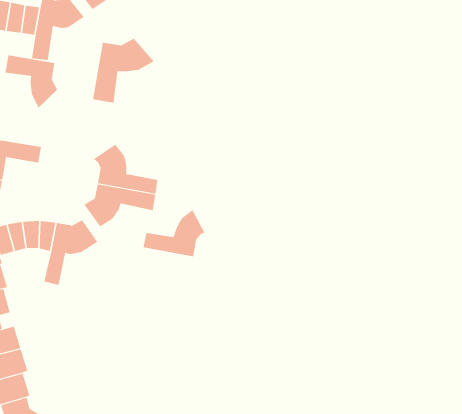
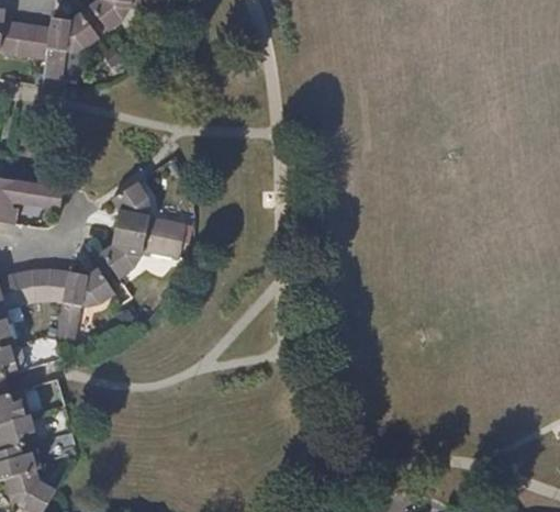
building: [92,38,155,104] -> none
building: [5,54,58,109] -> none
building: [143,209,205,257] -> none

